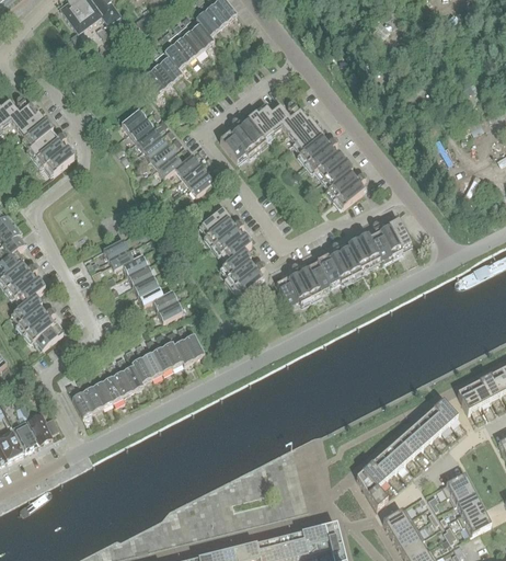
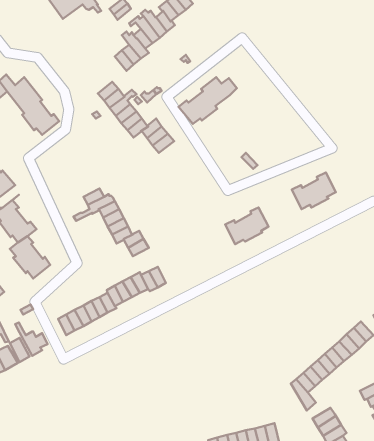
building: [281,106,364,206] -> none
building: [200,206,262,295] -> none
building: [317,239,369,284] -> none

